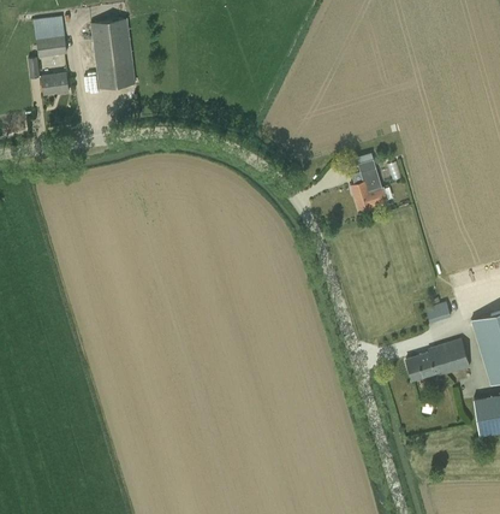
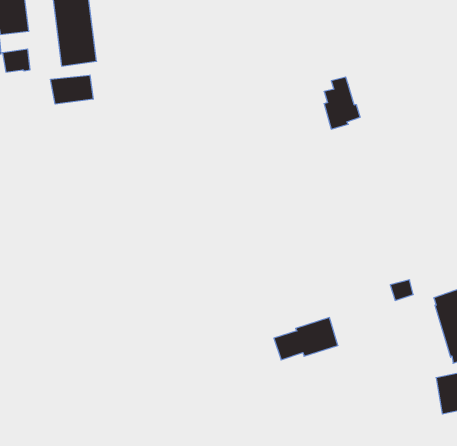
building: none -> [51,75,93,104]
building: [351,160,387,212] -> [324,77,360,129]
building: [405,339,469,382] -> [274,318,338,360]

